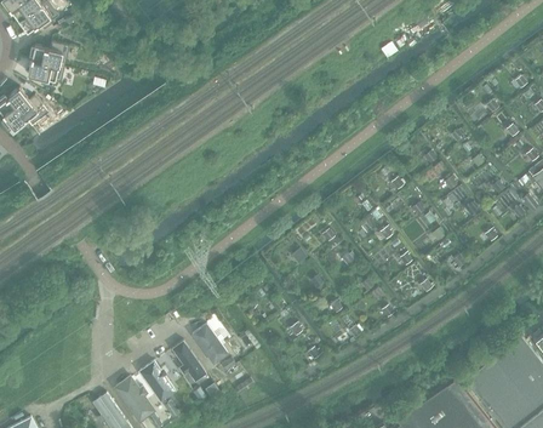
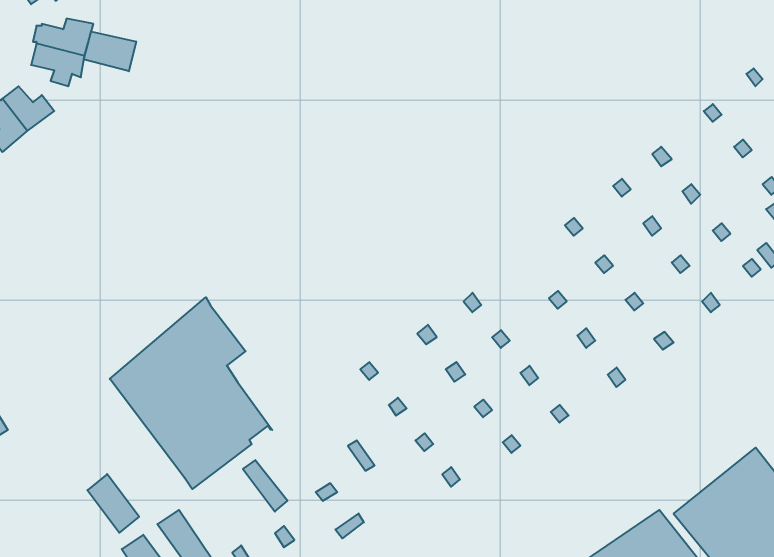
building: none -> [84,32,136,71]
building: none -> [110,297,272,489]
building: [190,327,225,366] -> none
building: [138,364,173,404] -> [87,474,139,533]

